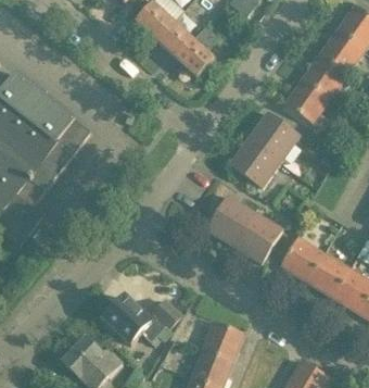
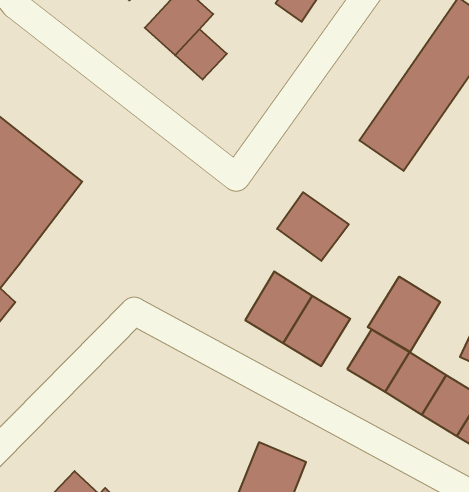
building: [176,25,217,77] -> none
building: [247,112,298,161] -> none
building: none -> [368,277,440,352]
building: [103,296,182,343] -> none

